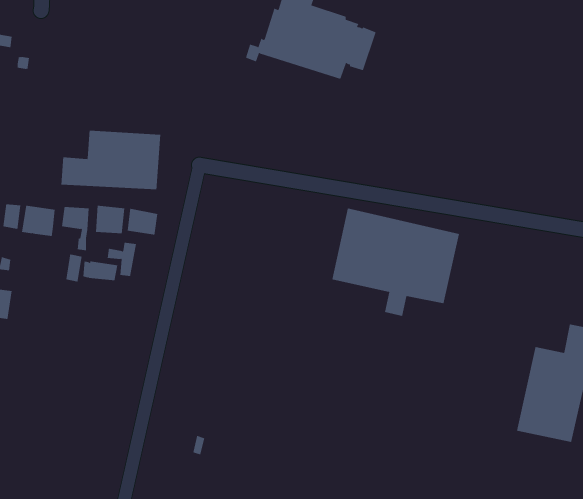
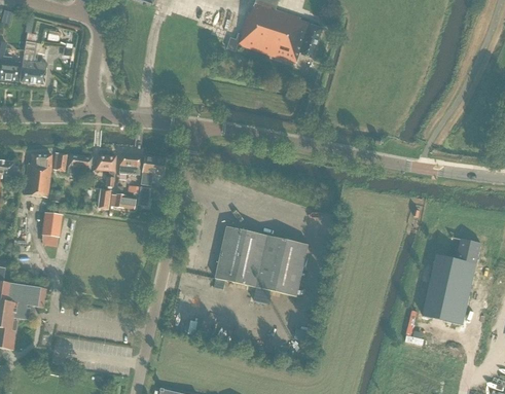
building: [61,130,161,190] -> none
building: [332,208,460,317] -> [215,226,308,305]

